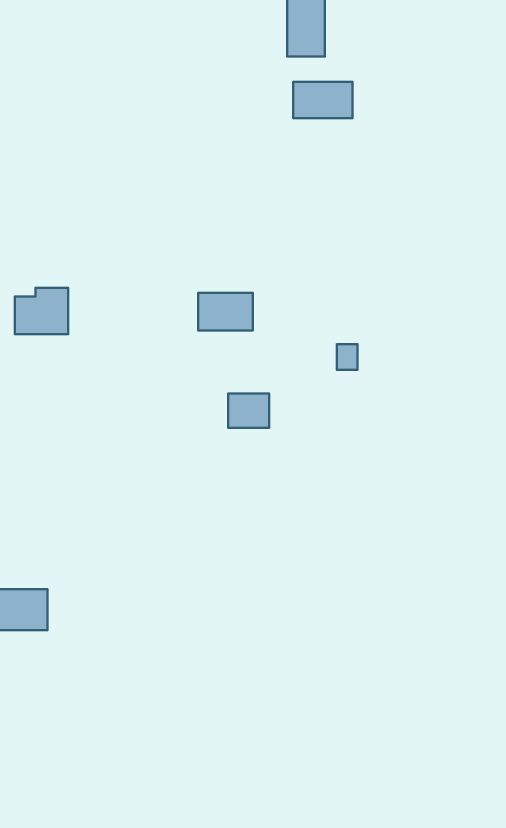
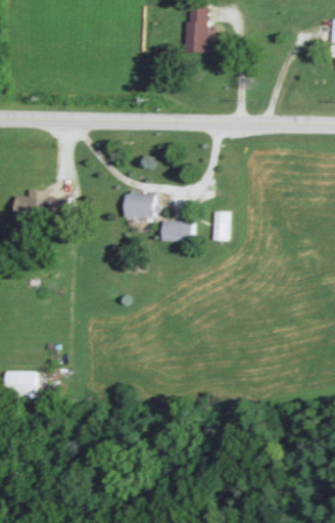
building: [293,82,353,118] -> none
building: [228,394,269,428] -> [164,221,189,241]

